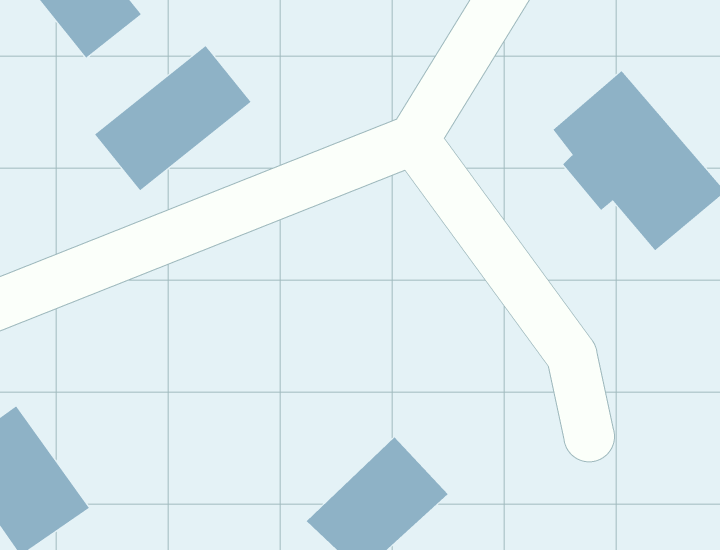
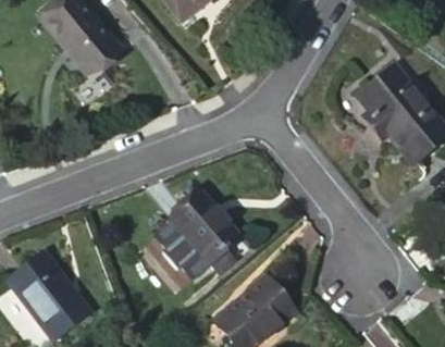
building: [94,45,252,191] -> none
building: none -> [147,196,233,281]

